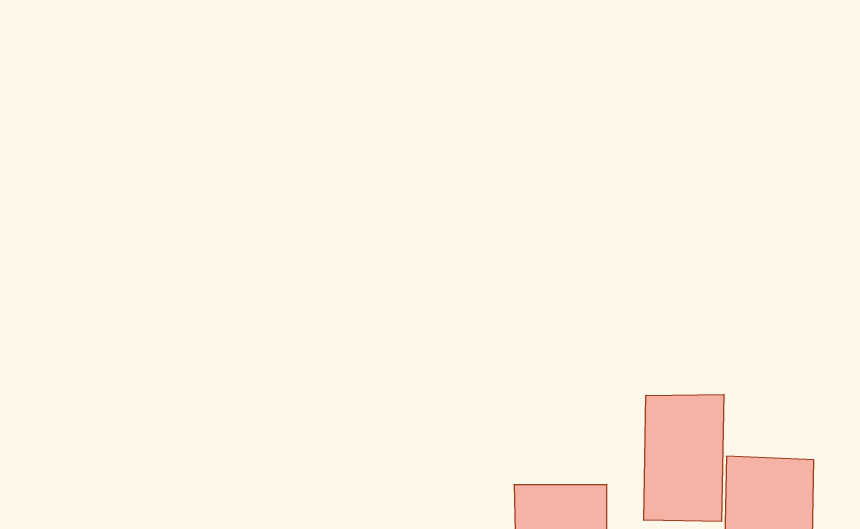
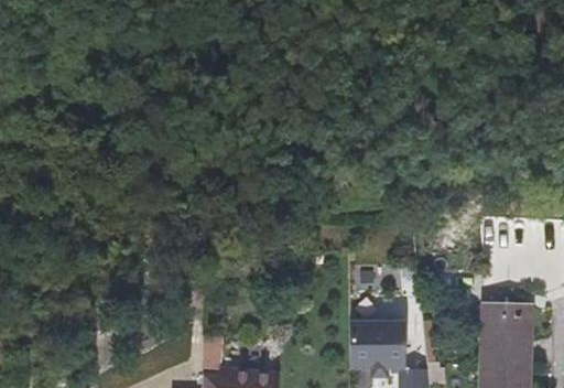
building: [644,394,724,521] -> none

